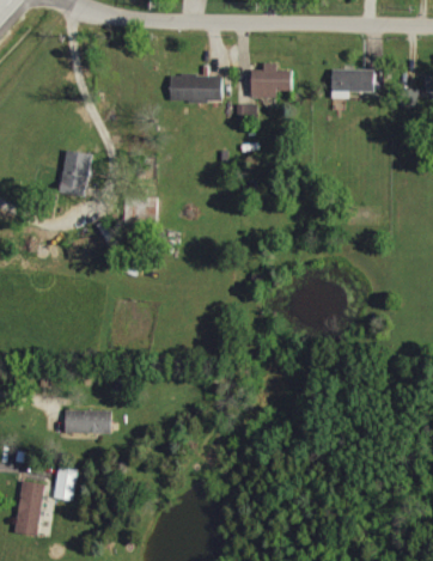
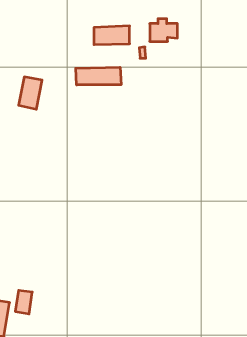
building: [331,69,374,98] -> none
building: none -> [76,67,121,85]
building: [65,409,111,433] -> none

